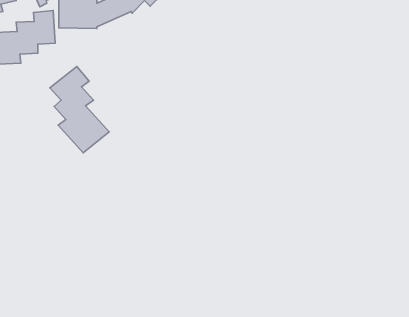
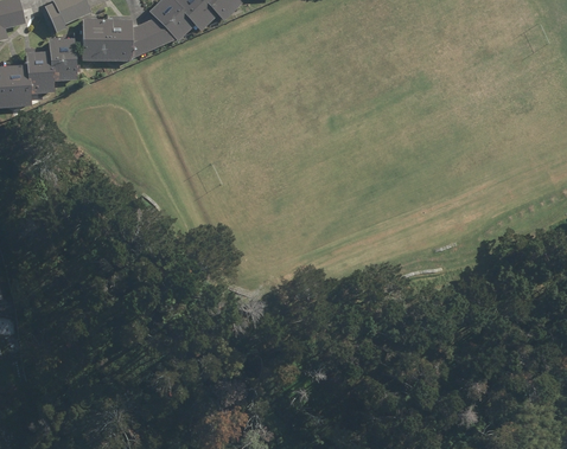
building: [50,66,109,153] -> none

